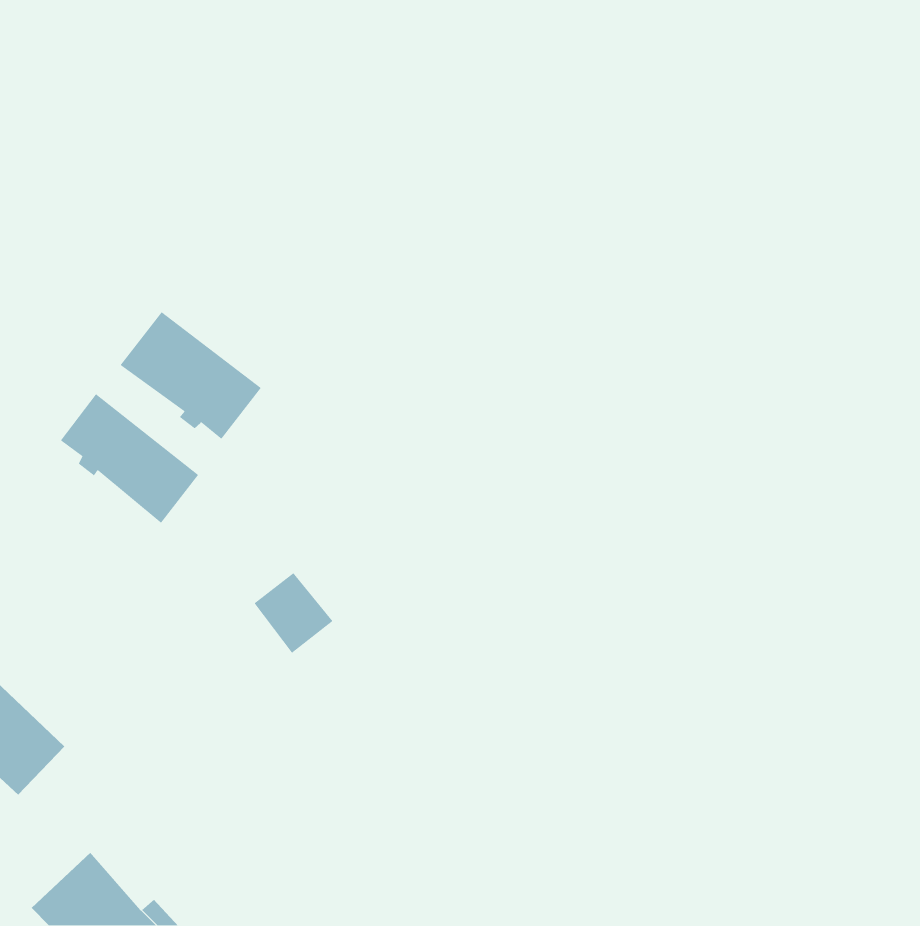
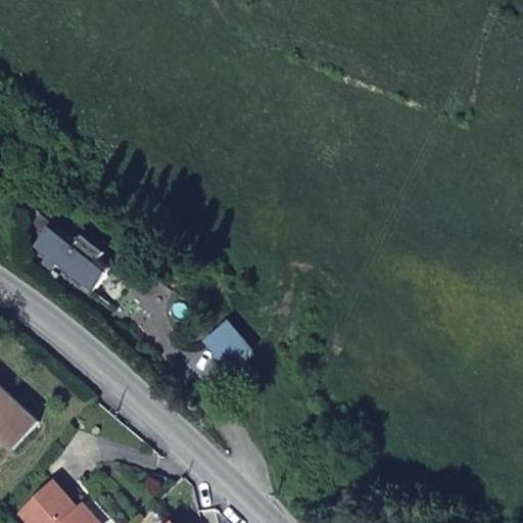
building: [119,311,262,440] -> none
building: [254,572,333,654] -> [205,324,250,370]

